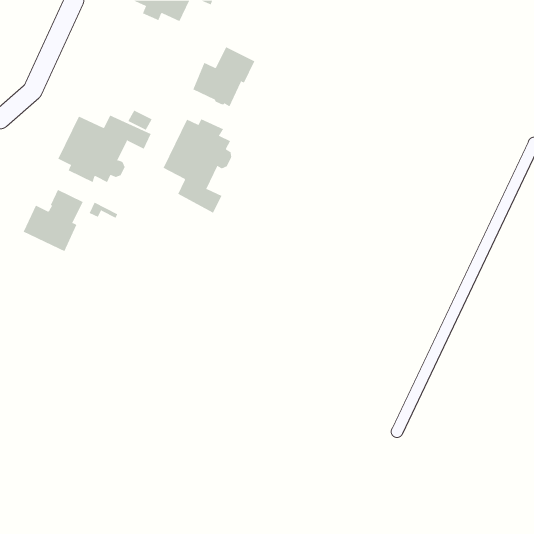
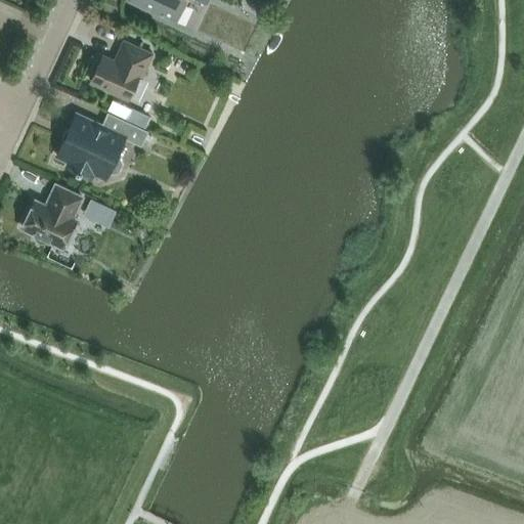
building: [192,47,255,107] -> [91,40,152,99]
building: [163,118,232,213] -> none

